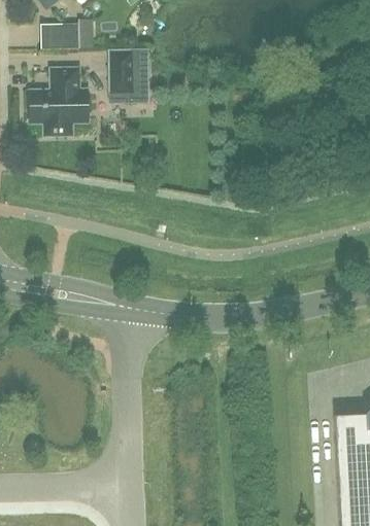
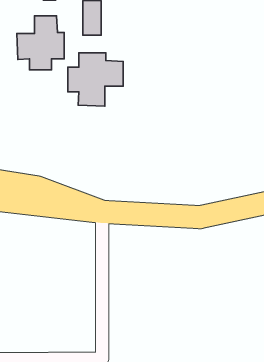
building: none -> [68,53,123,106]

